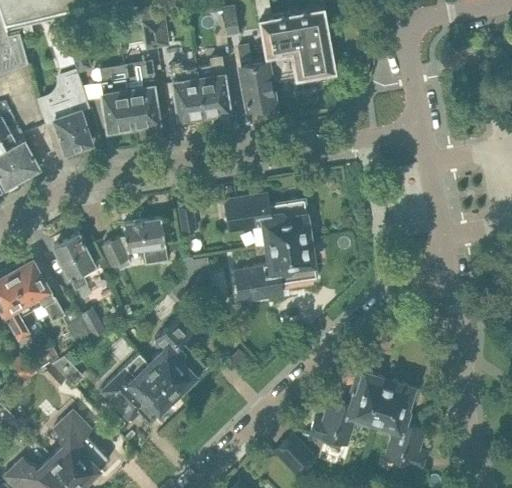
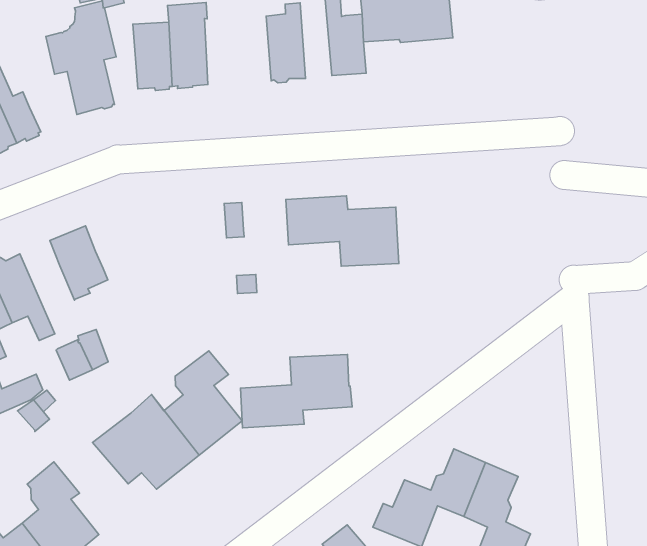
building: [170,63,204,120] -> none
building: [103,219,167,271] -> none
building: [234,241,317,302] -> [241,354,352,428]

